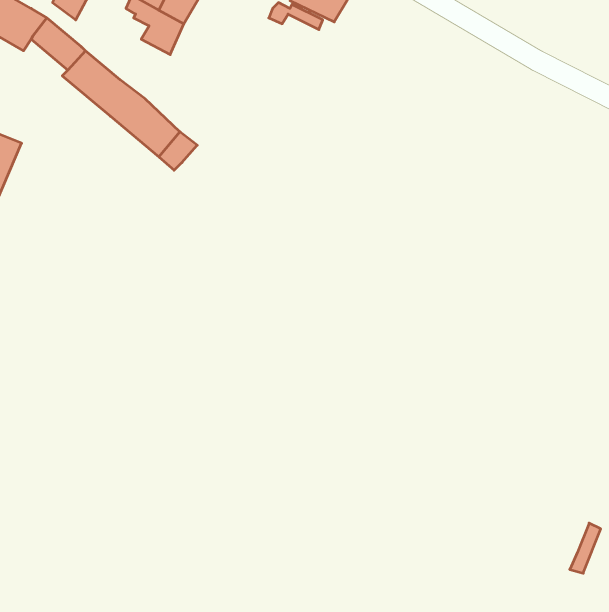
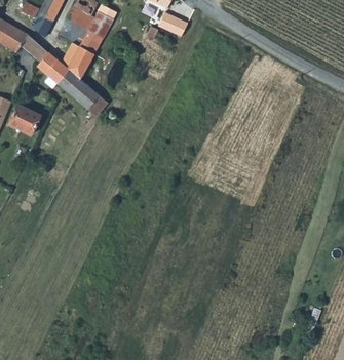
building: none -> [66,46,92,78]
building: none -> [12,104,45,134]

